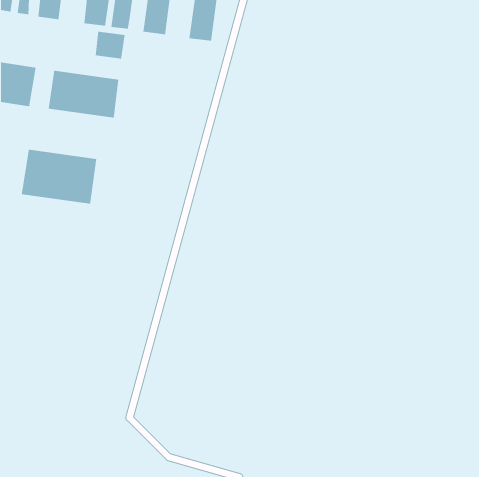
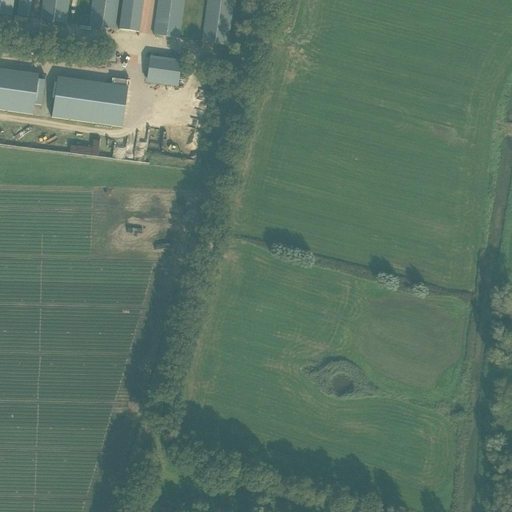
building: [95,31,126,59] -> [147,55,180,85]
building: [21,149,97,205] -> none

